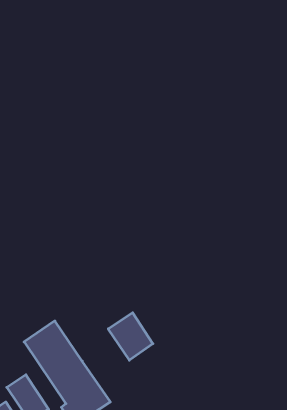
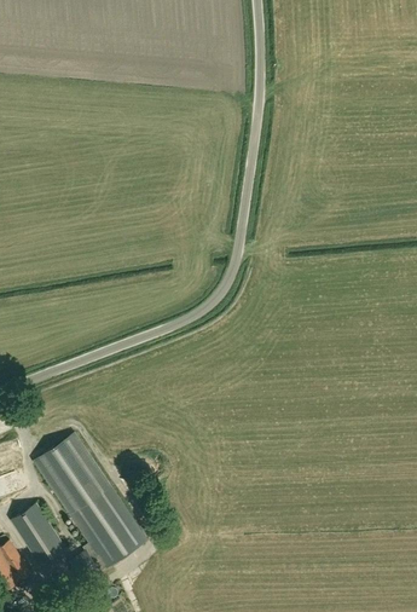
building: [108,313,153,360] -> none

